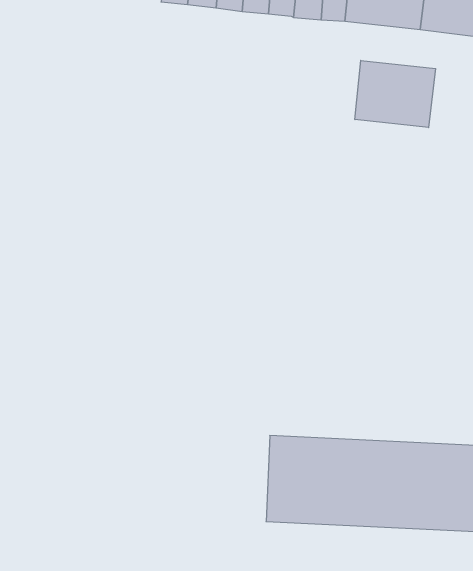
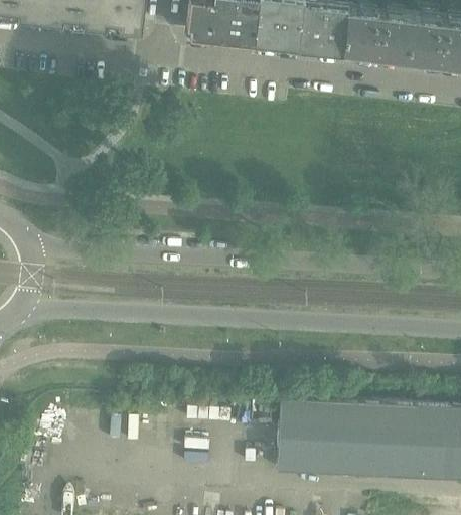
building: [355,60,436,128] -> none

